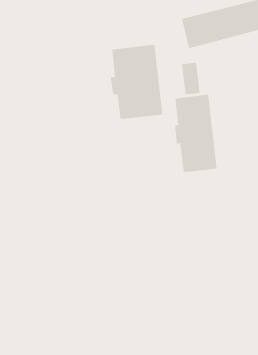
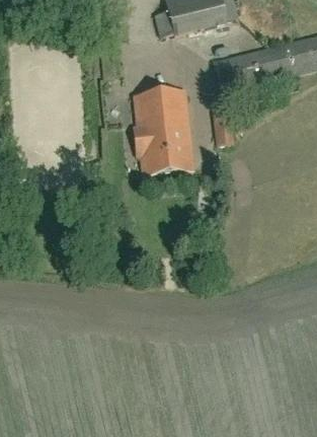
building: [175,94,217,173] -> none

